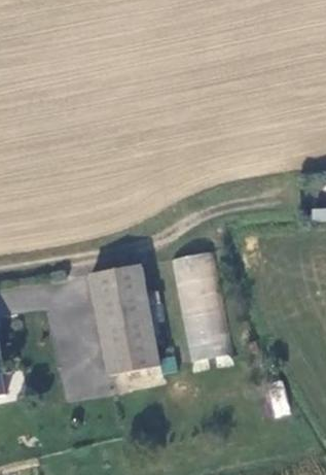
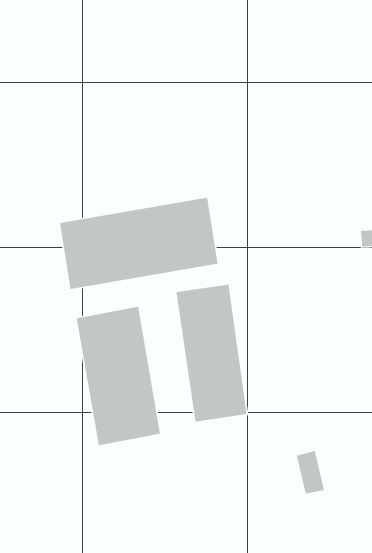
building: none -> [59,197,219,290]

